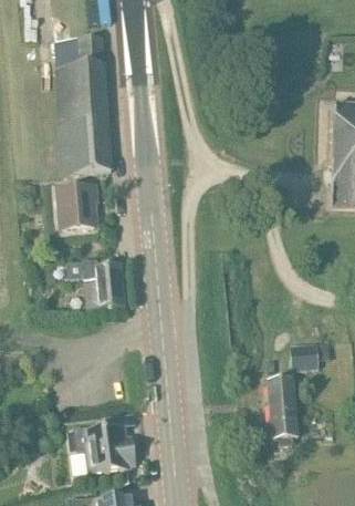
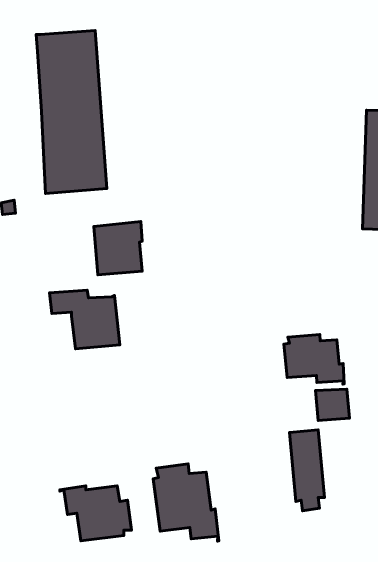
building: [55,183,96,228] -> [94,221,142,275]
building: none -> [284,335,344,384]
building: none -> [153,464,219,541]

